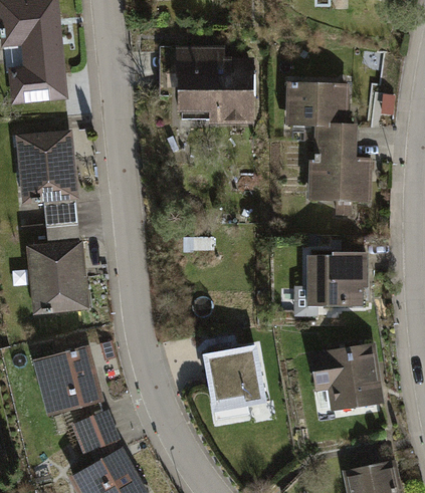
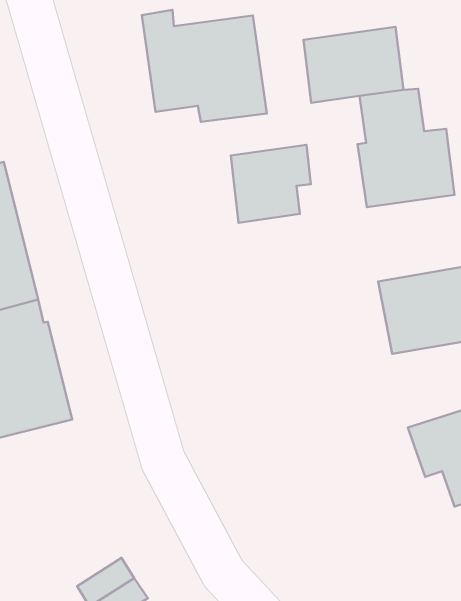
building: none -> [231,145,311,223]
building: [33,340,101,413] -> none
building: [203,340,266,425] -> none

